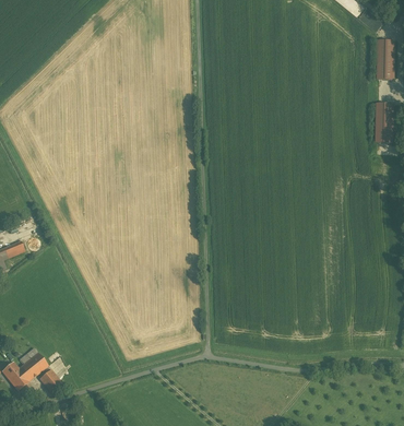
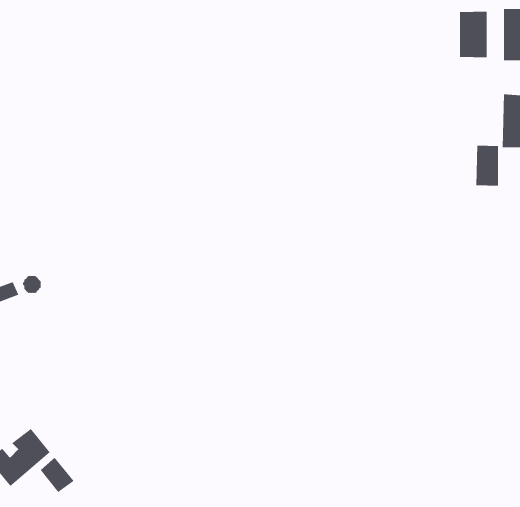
building: none -> [459,11,487,58]
building: none -> [476,145,499,187]

